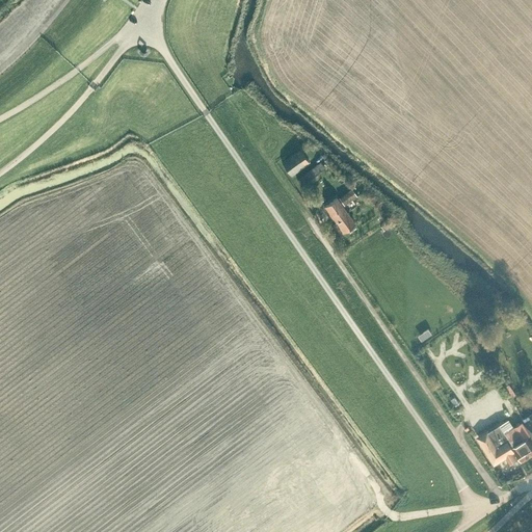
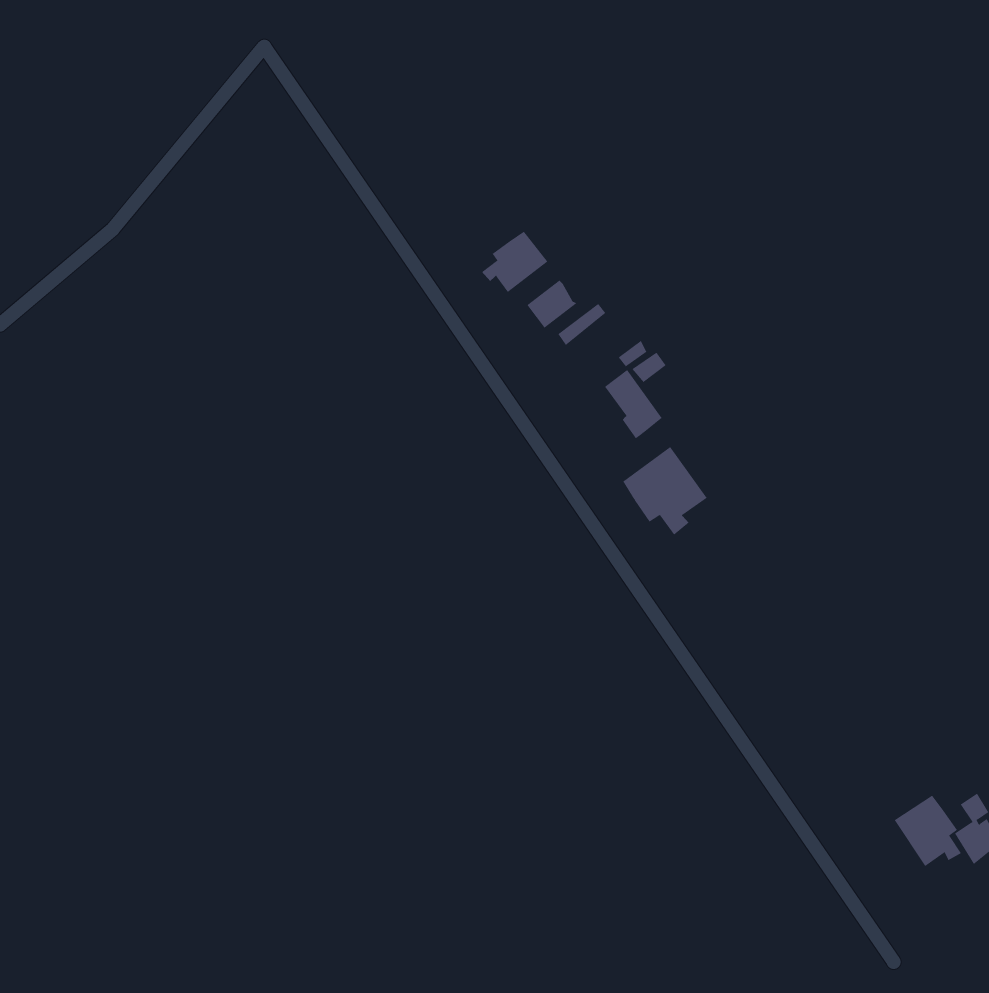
building: none -> [481,231,548,293]
building: none -> [622,446,708,535]

